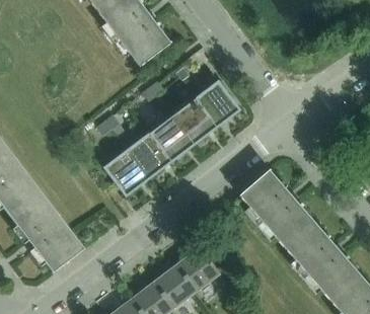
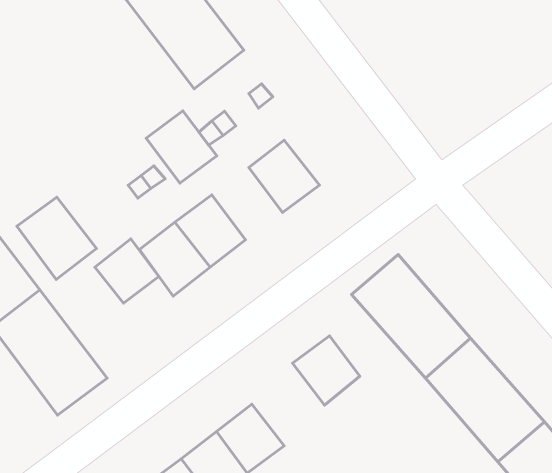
building: [197,80,241,127] -> none
building: [151,115,196,161] -> [146,111,217,183]
building: none -> [17,197,96,279]
building: none -> [95,239,159,303]
building: [176,247,219,291] -> [292,336,360,405]

